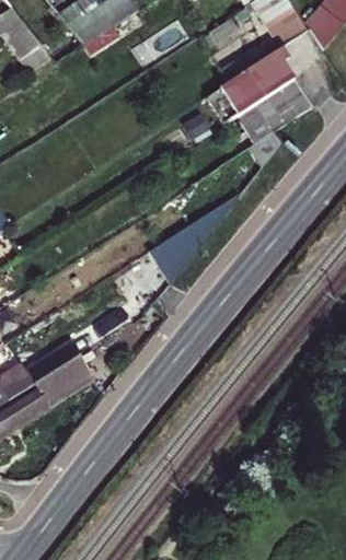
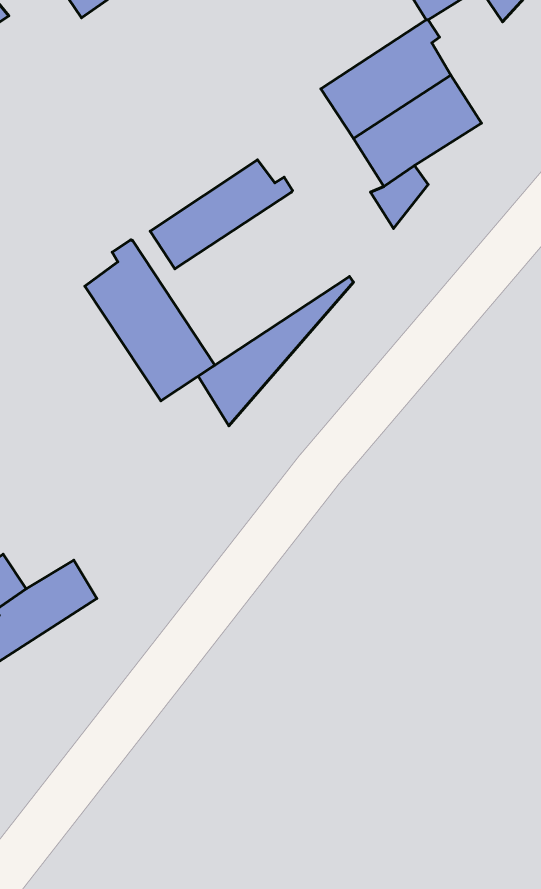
building: none -> [150,160,293,269]
building: none -> [85,240,215,401]

